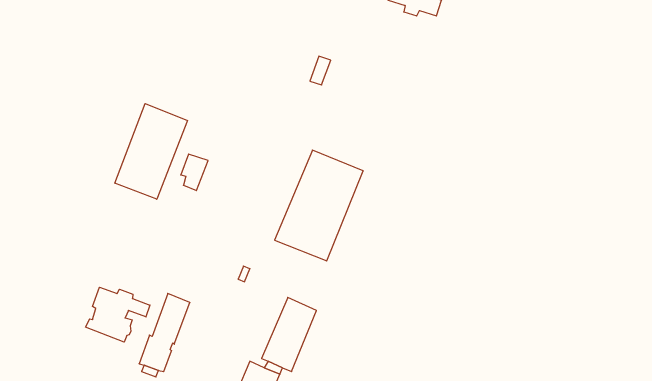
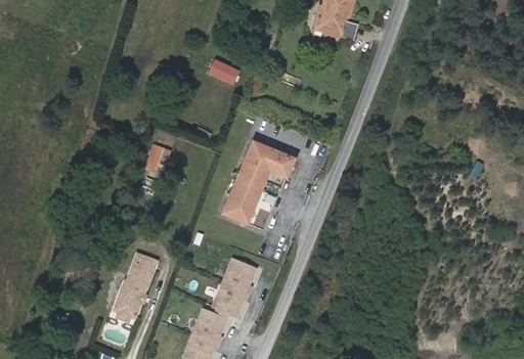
building: none -> [209,58,239,84]
building: [115,104,188,199] -> none
building: [86,287,150,342] -> none

